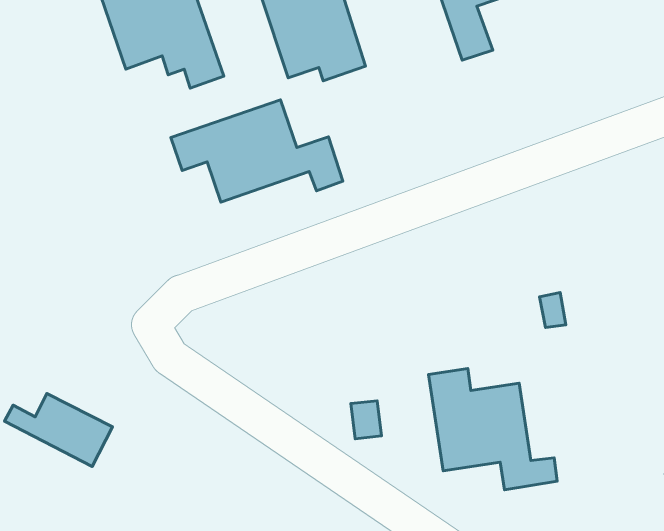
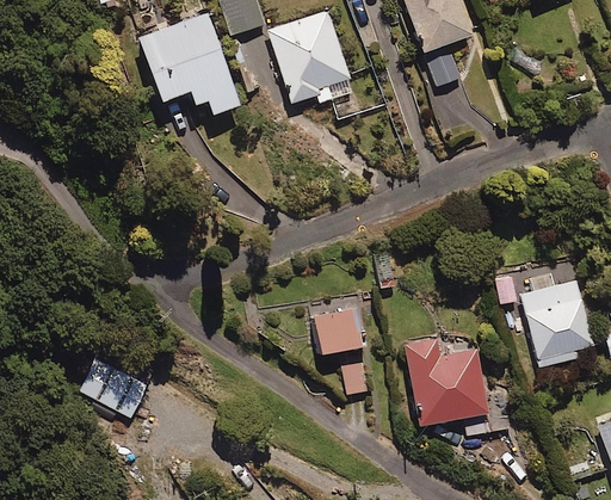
building: [171,100,343,202] -> none
building: none -> [521,271,593,365]
building: none -> [315,310,364,353]

